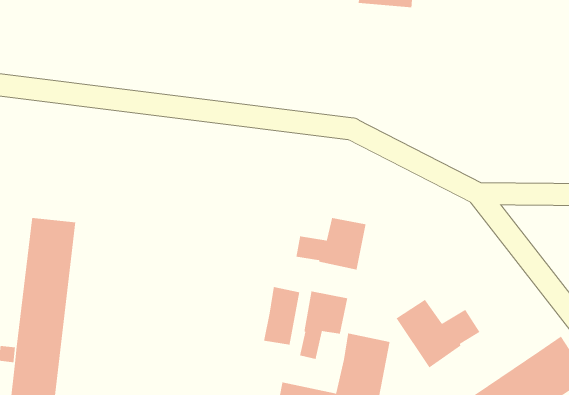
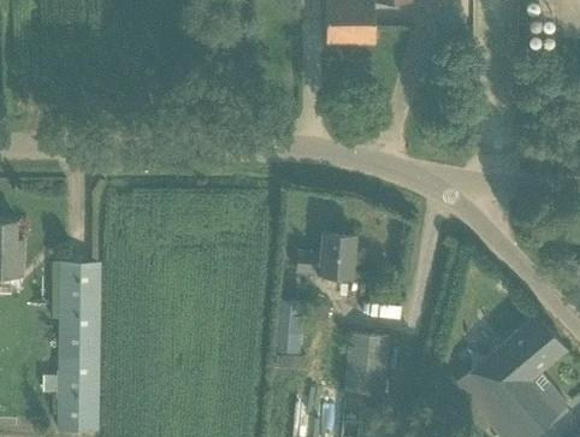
building: [299,291,348,360] -> none
building: [395,299,480,369] -> none

